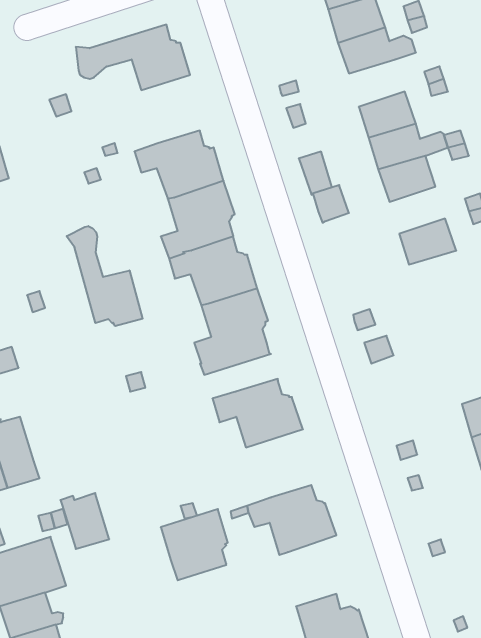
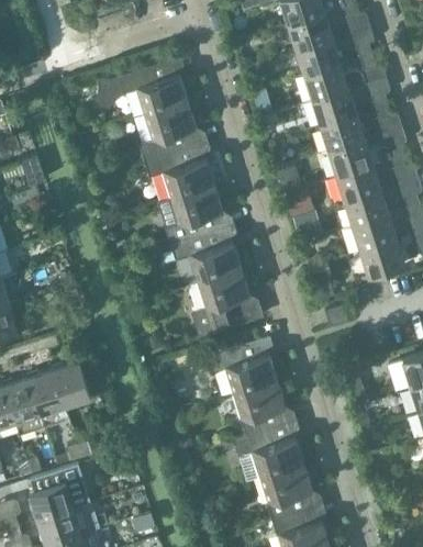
building: none -> [312,90,356,127]
building: none -> [137,102,196,163]
building: none -> [344,190,388,227]
building: [67,226,143,326] -> none
building: none -> [359,241,404,279]
building: [60,493,109,549] -> [52,362,90,406]
building: [161,509,228,580] -> [231,381,283,437]
building: none -> [264,465,311,521]

